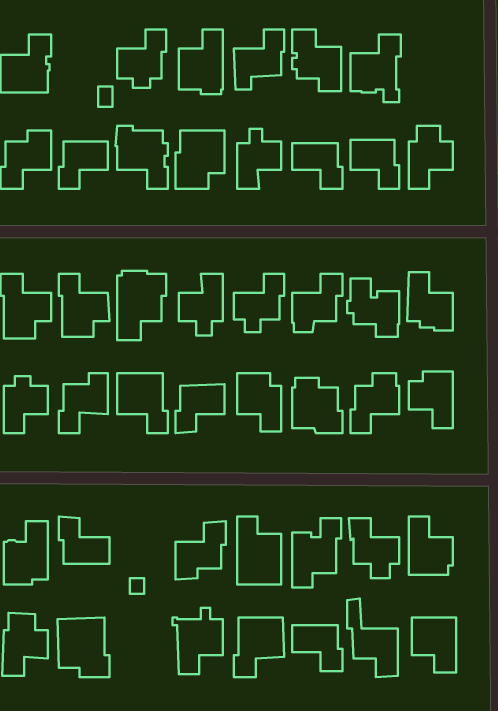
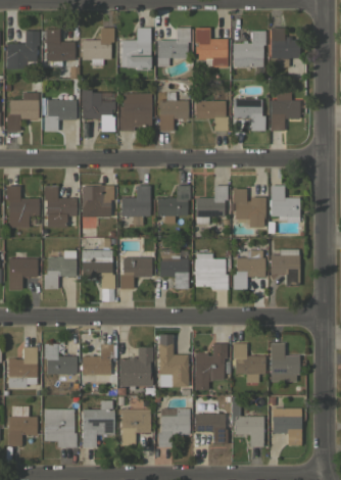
building: none -> [271,28,299,66]
building: none -> [42,30,75,66]
building: none -> [82,344,113,375]
building: none -> [82,400,114,447]

